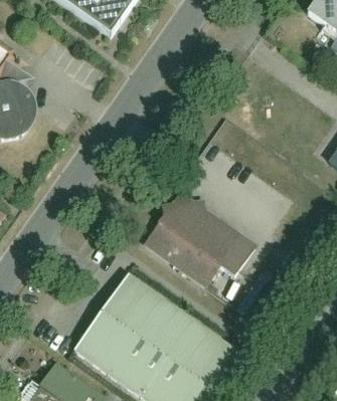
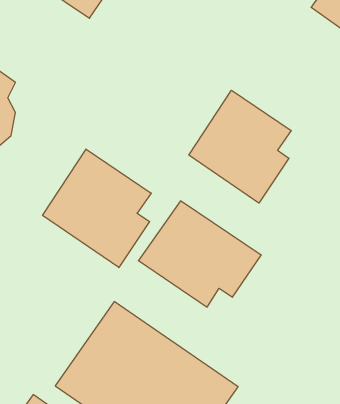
building: none -> [189,90,291,203]
building: none -> [43,149,151,268]

